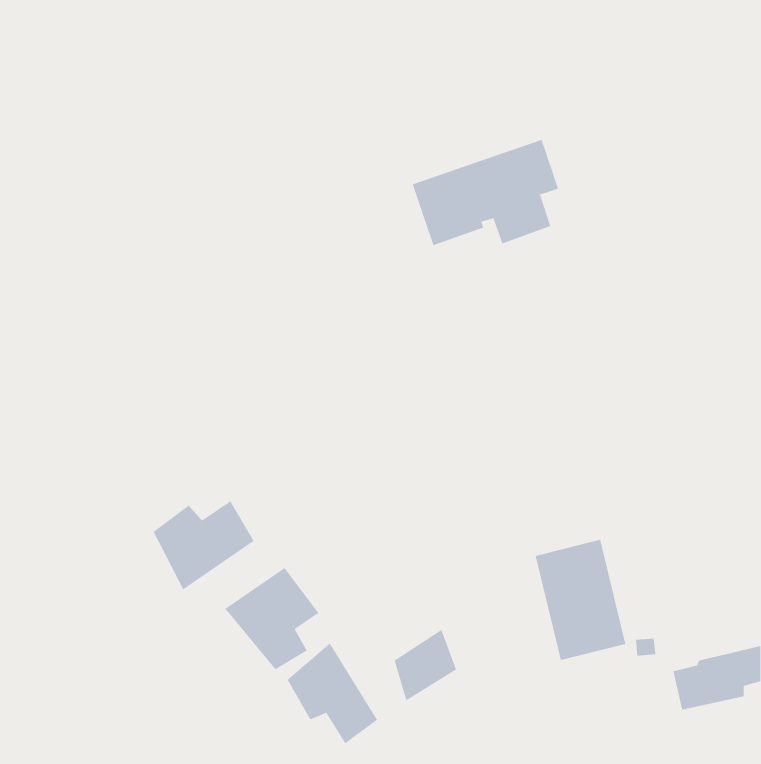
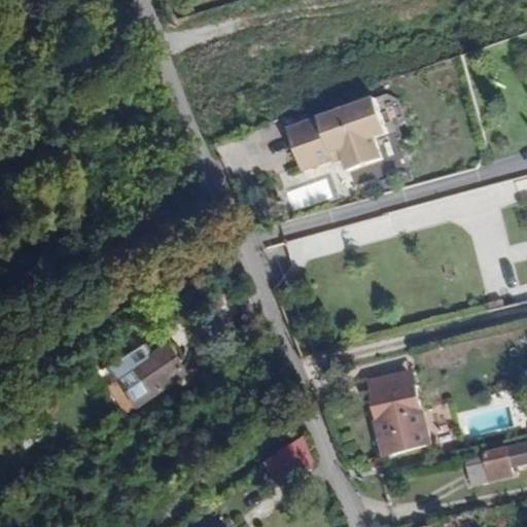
building: [225,567,319,670] -> none
building: [287,643,378,744] -> none

